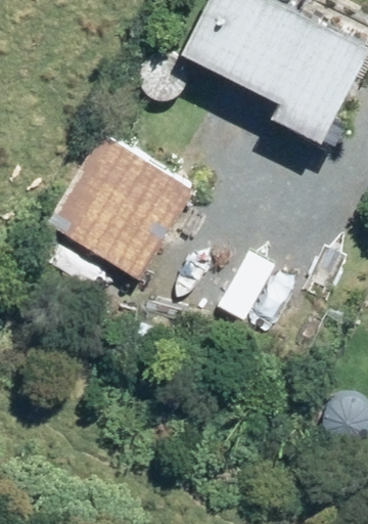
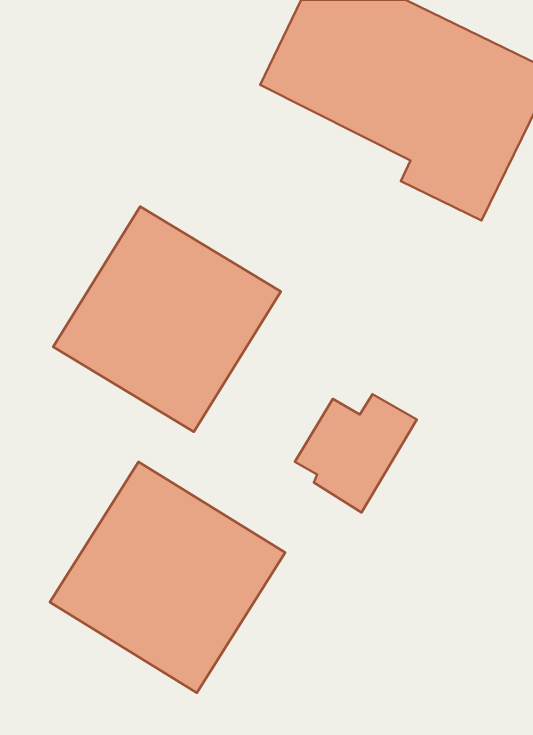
building: none -> [50,462,285,693]

